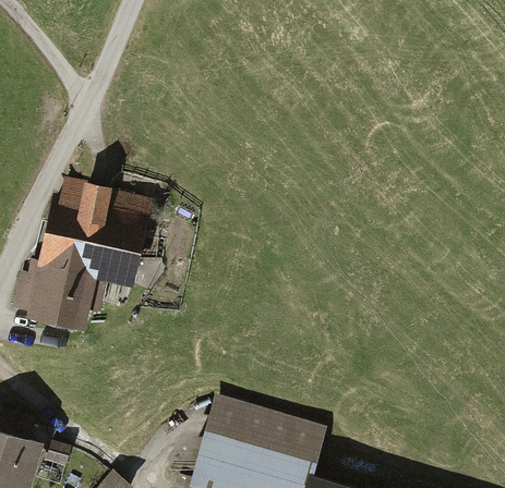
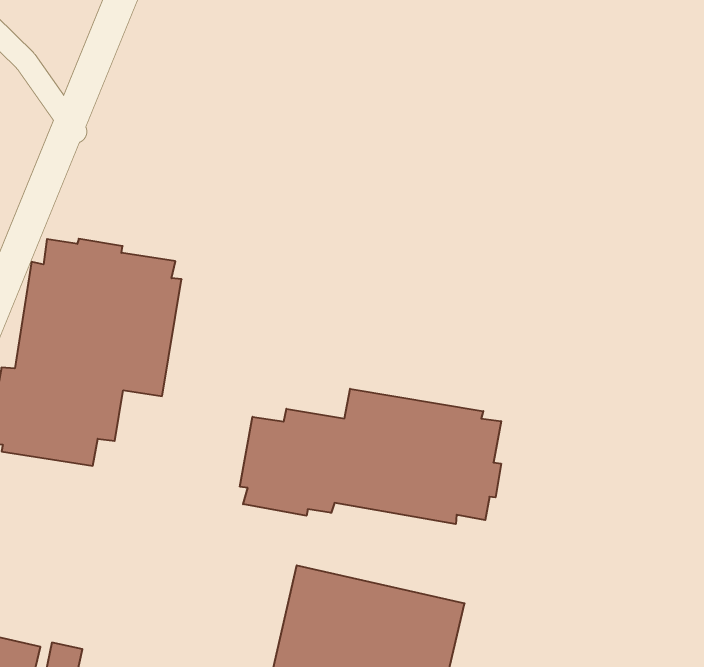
building: none -> [240,389,501,524]

